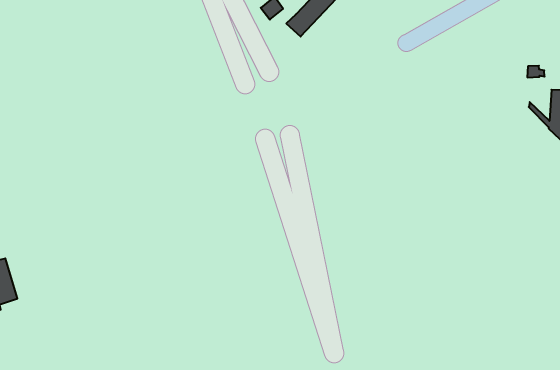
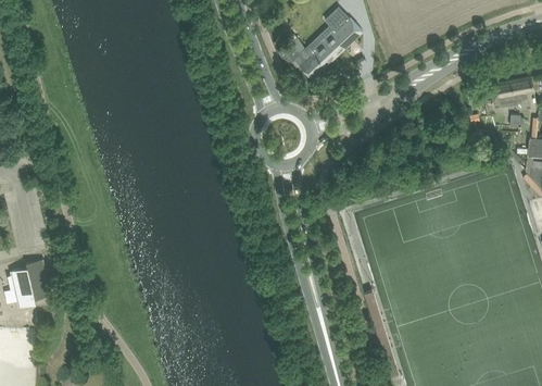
building: none -> [491,75,533,105]

